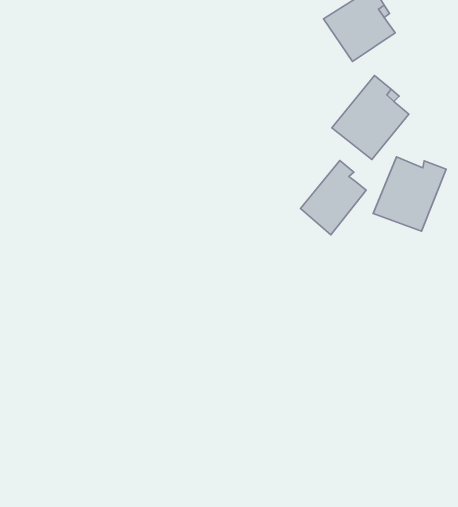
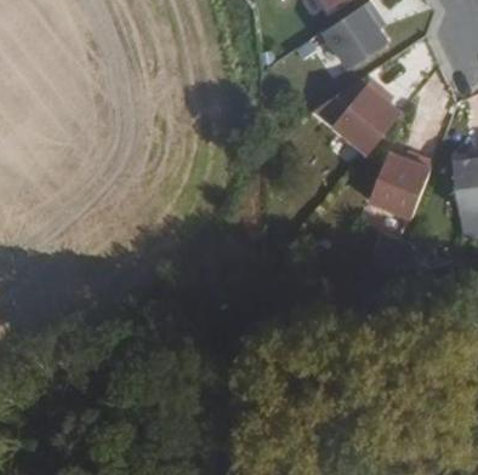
building: [301,160,366,235] -> none

